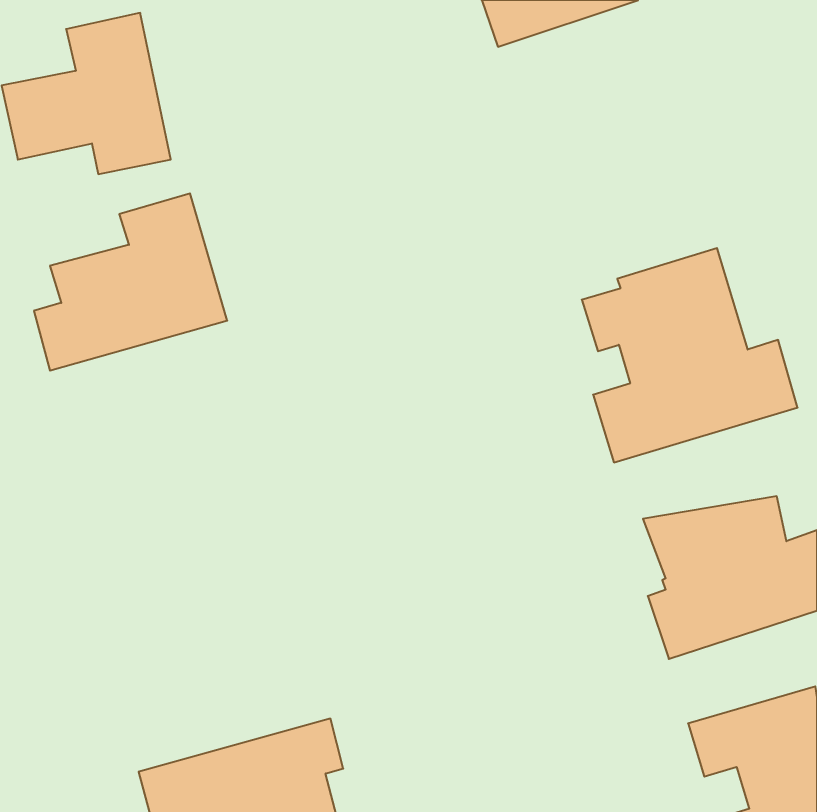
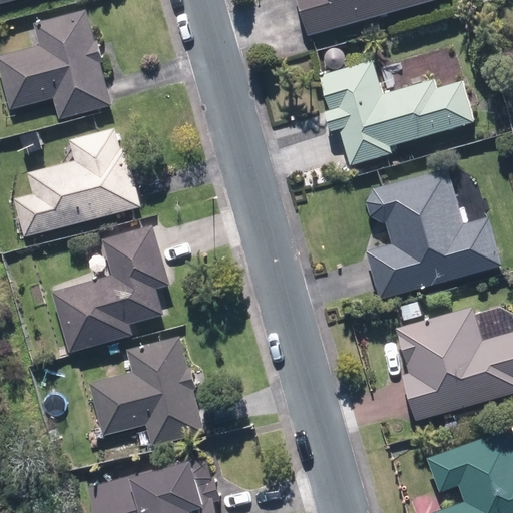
building: none -> [326,50,469,163]
building: none -> [54,231,178,350]
building: none -> [90,340,199,441]

